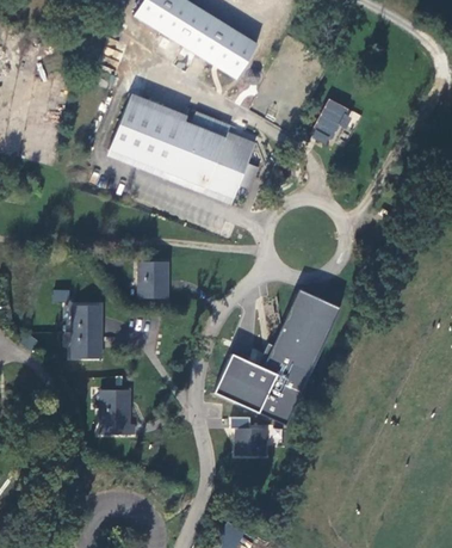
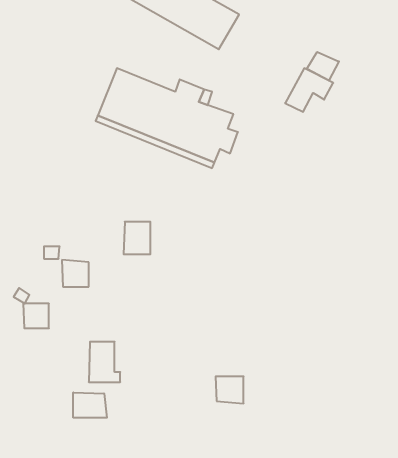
building: none -> [307,52,339,81]
building: [216,289,335,421] -> none
building: [73,331,100,357] -> [23,304,49,328]
building: none -> [73,392,107,418]

